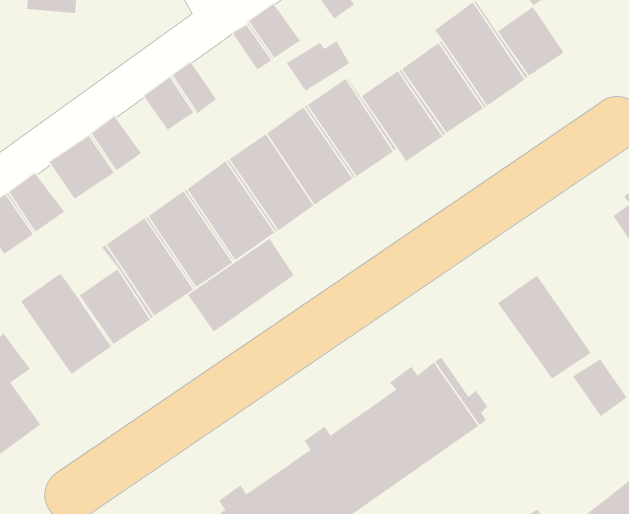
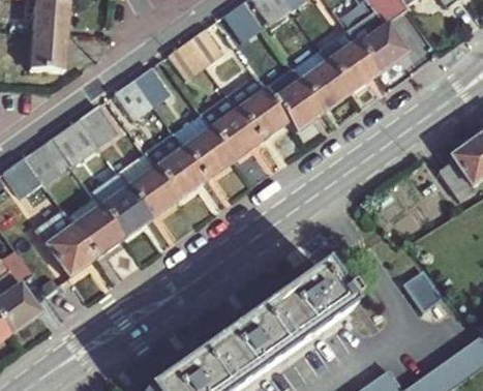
building: none -> [31,28,68,66]
building: [187,238,295,333] -> none
building: [497,275,592,380] -> none

